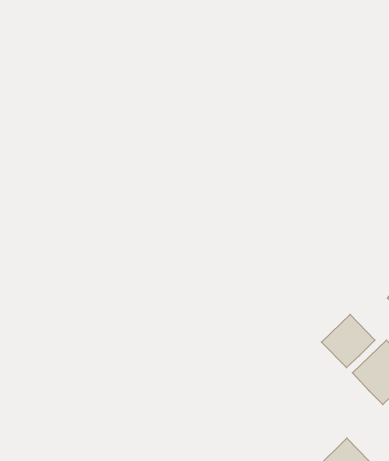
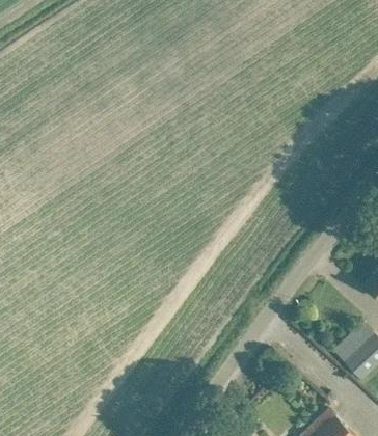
building: [322,315,375,368] -> none

